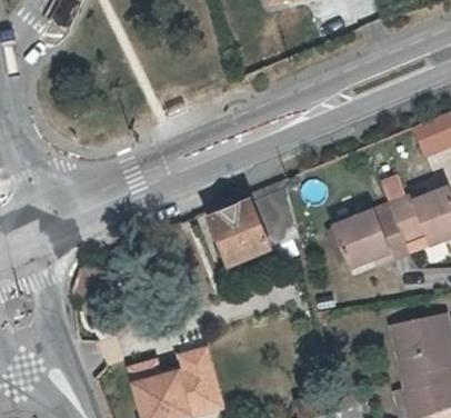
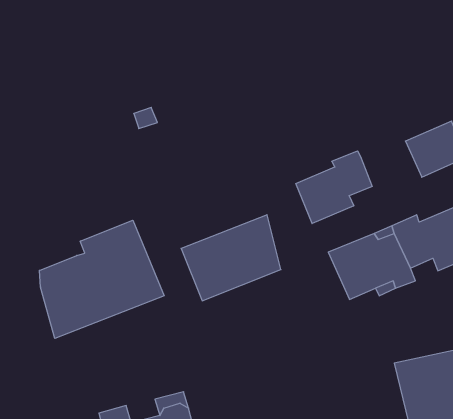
building: none -> [296,151,372,224]
building: none -> [39,220,164,338]

